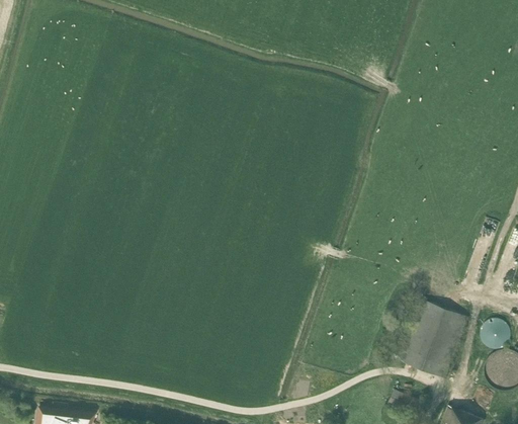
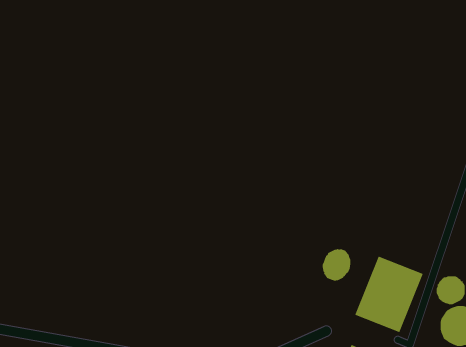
building: none -> [322,248,351,282]

